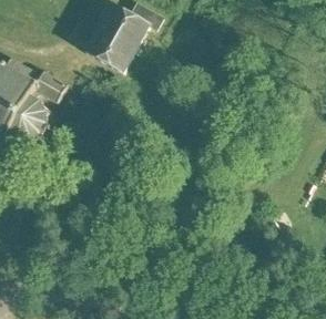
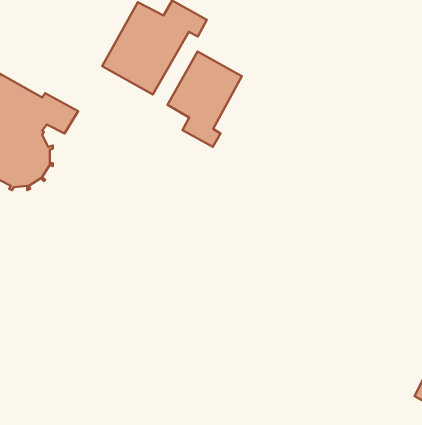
building: none -> [168,52,242,147]

